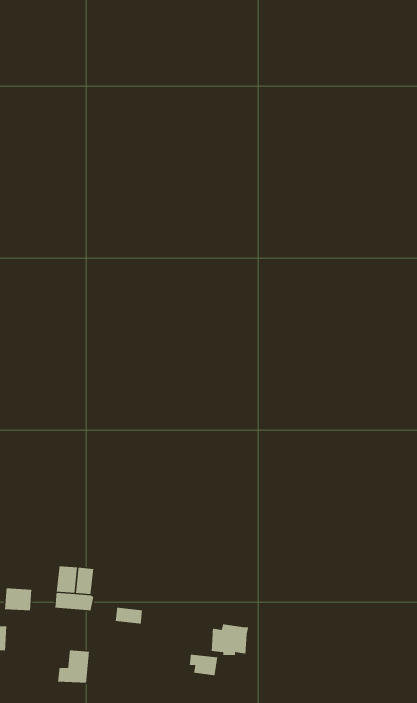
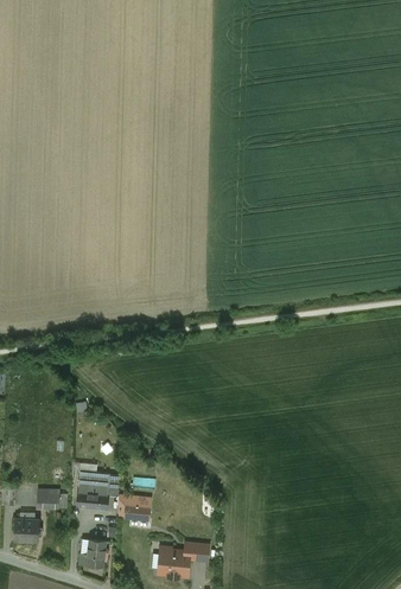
building: [211,623,249,656] -> [159,550,190,576]

